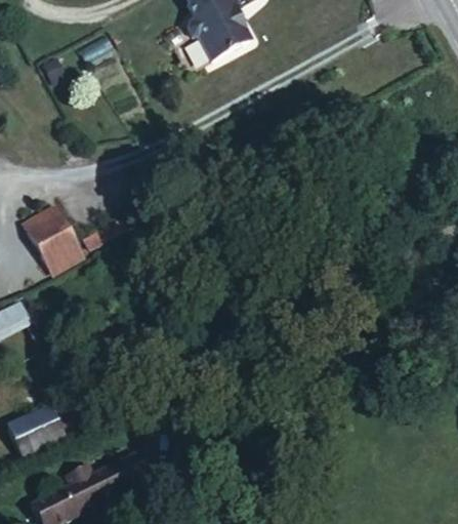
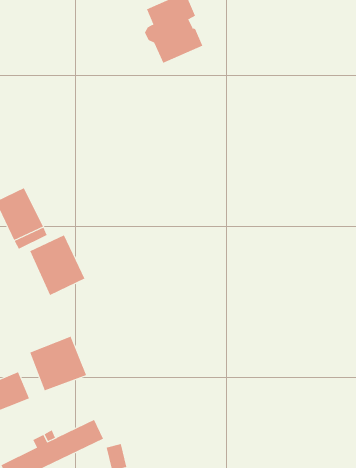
building: none -> [29,234,85,296]
building: none -> [29,336,87,391]

